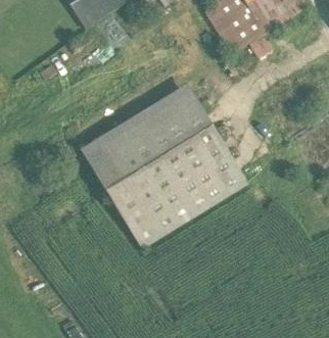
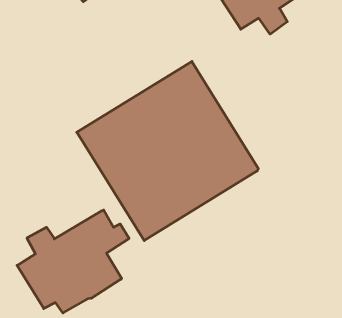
building: none -> [17,210,129,313]

